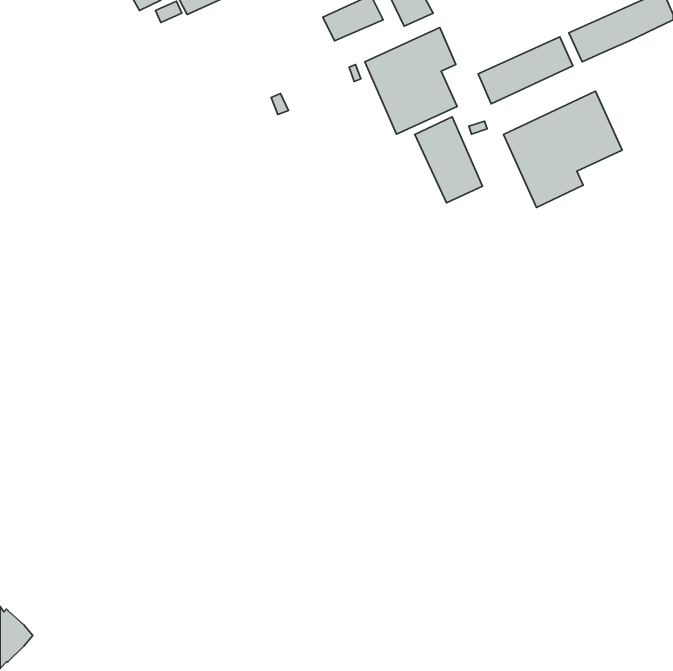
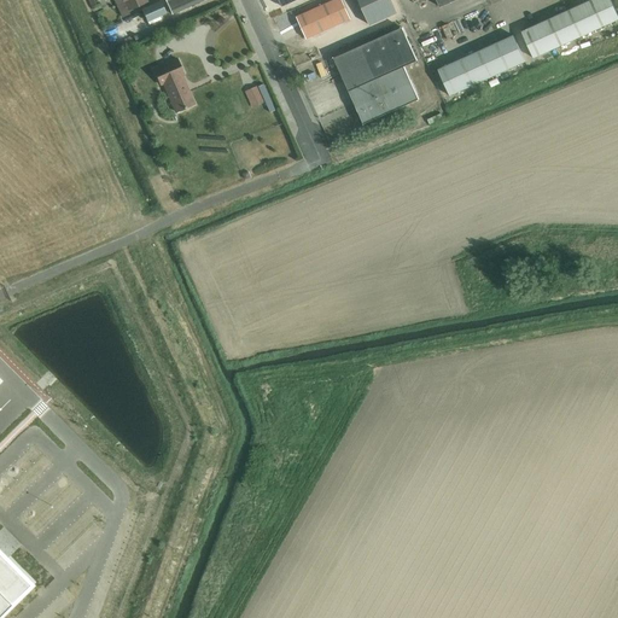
building: none -> [153,58,194,111]
building: [503,91,622,207] -> none
building: [415,117,483,203] -> none

